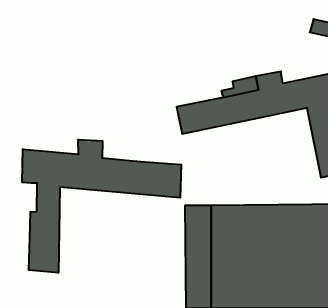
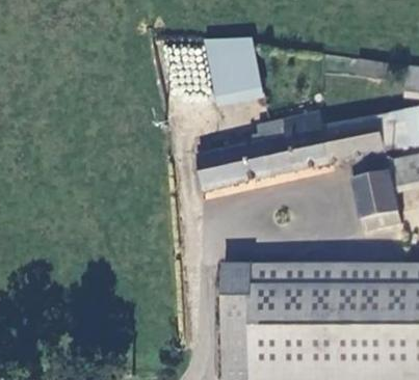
building: none -> [210,45,262,91]
building: [22,139,181,273] -> none

